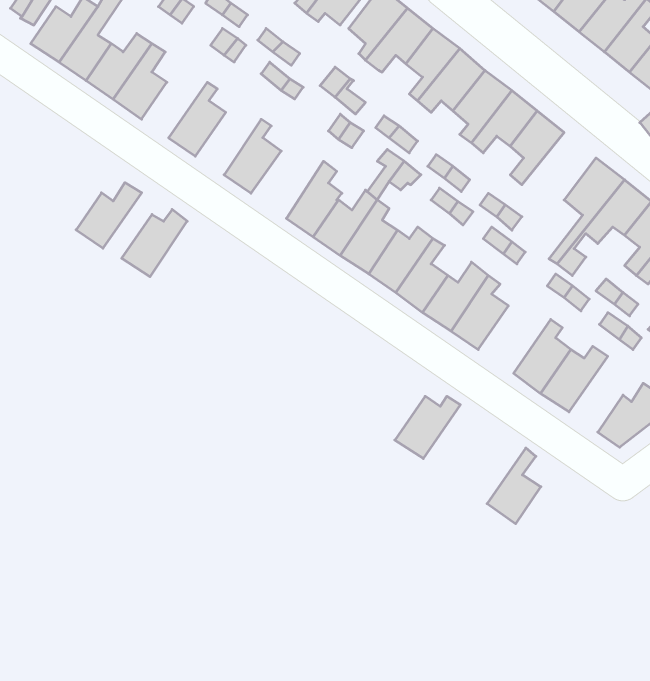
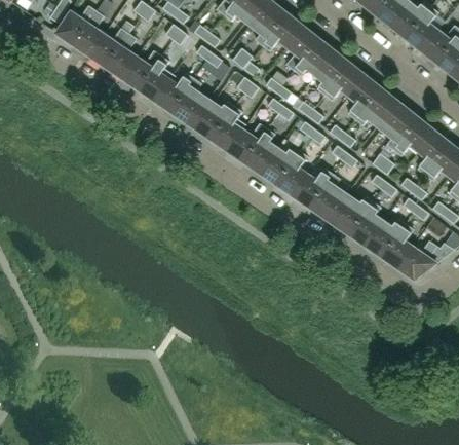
building: none -> [355,88,397,126]
building: none -> [194,102,234,141]
building: [76,183,142,248] -> [123,51,163,91]
building: [122,209,187,277] -> [156,73,196,114]
building: [395,396,460,459] -> [333,197,373,235]
building: [487,448,541,524] -> [384,225,417,271]

